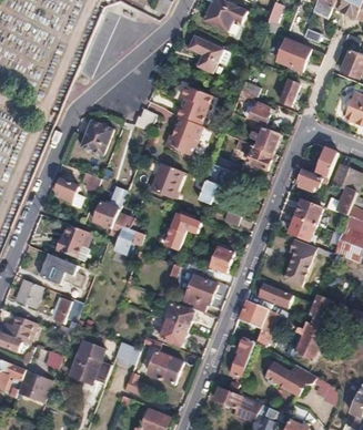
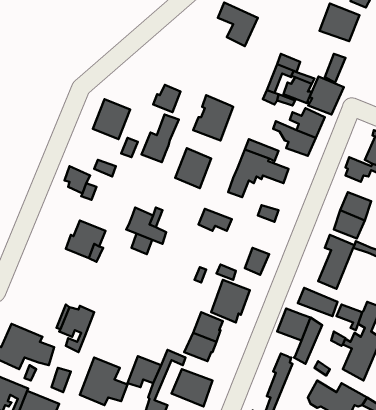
building: [175,86,210,126] -> none
building: none -> [308,76,344,114]
building: [93,187,125,228] -> [141,114,179,162]
building: [38,254,83,288] -> none
building: [14,279,41,308] -> none

